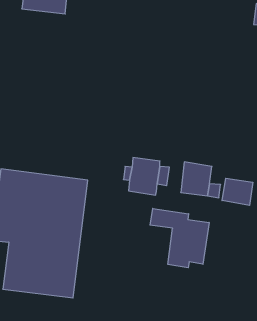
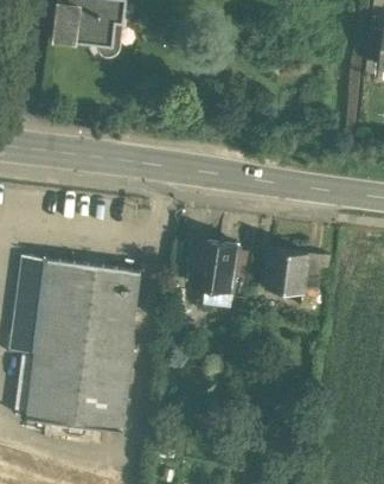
building: [222,178,253,205] -> none
building: [150,208,209,268] -> none

